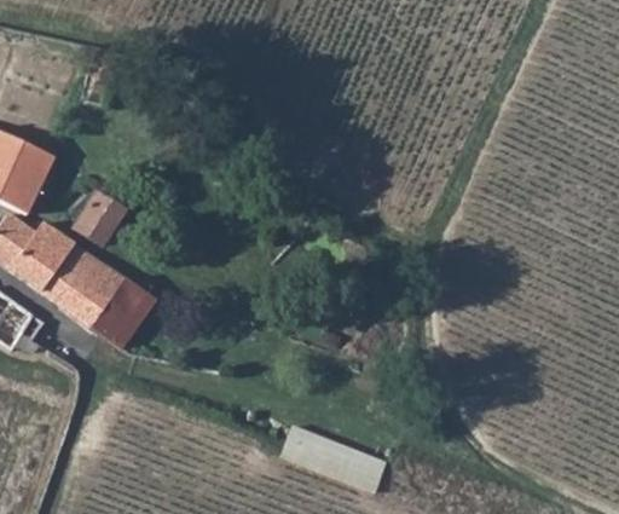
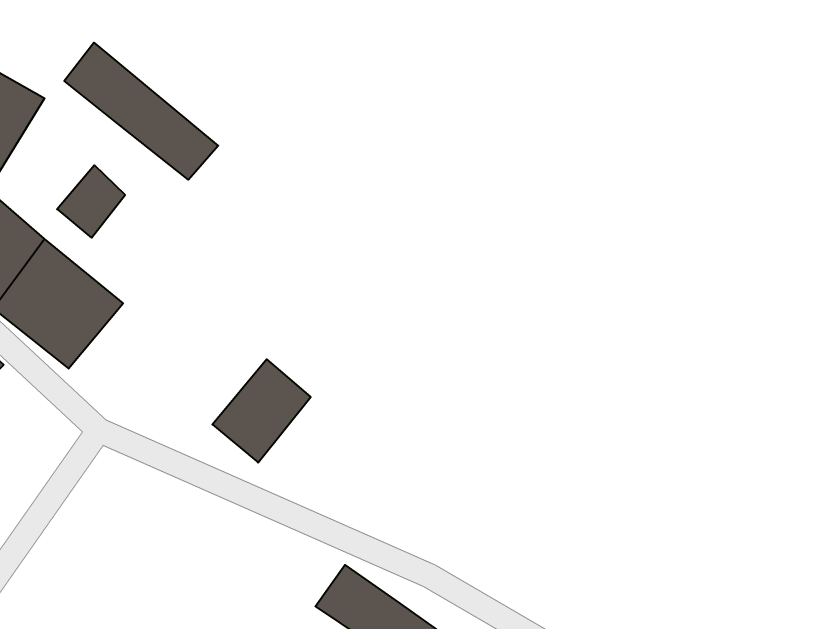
building: none -> [64,43,218,180]
building: [94,277,155,345] -> [212,359,311,463]

